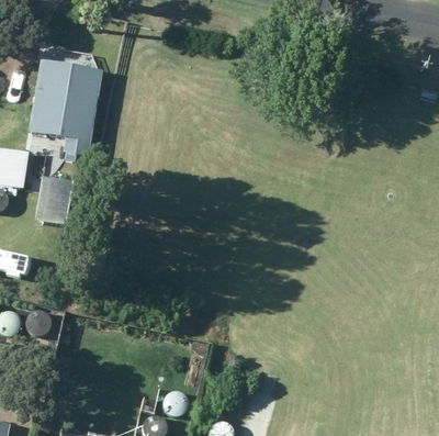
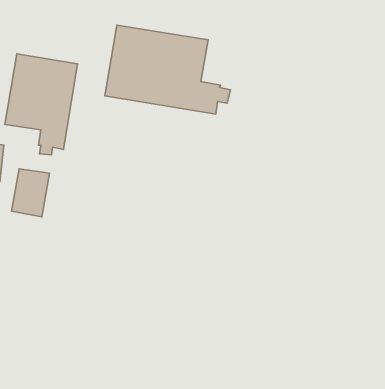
building: none -> [105,25,231,114]

